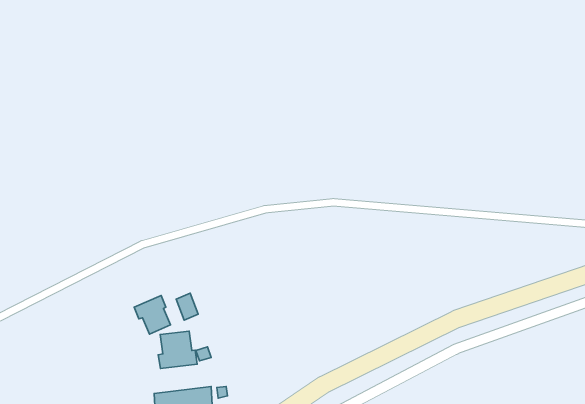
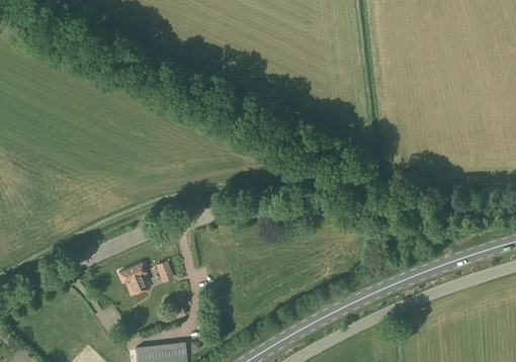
building: [158,331,197,369] -> none

